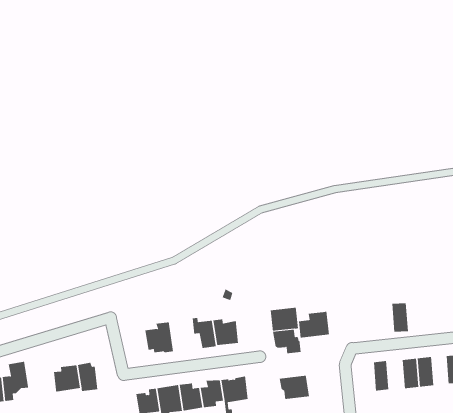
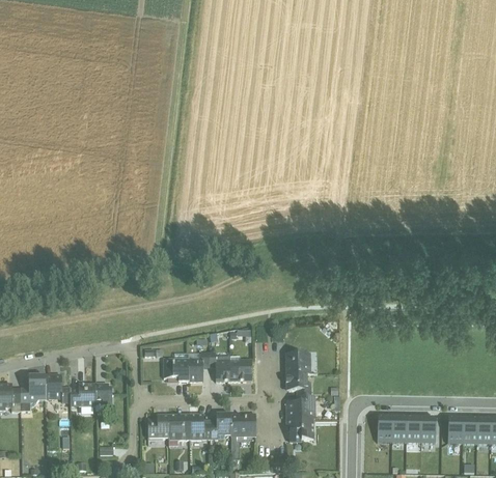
building: [391,303,409,332] -> [390,414,406,443]
building: [298,311,330,338] -> [285,396,314,419]
building: none -> [187,352,209,383]
building: none -> [44,373,70,402]

